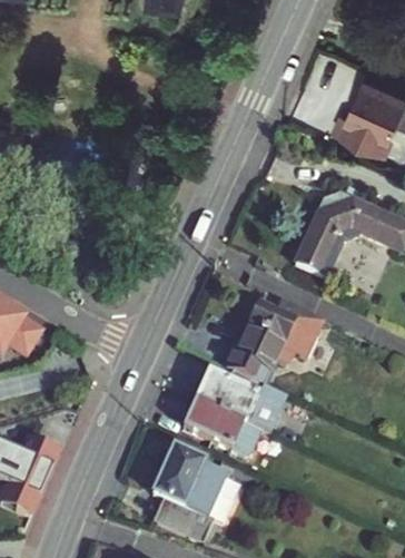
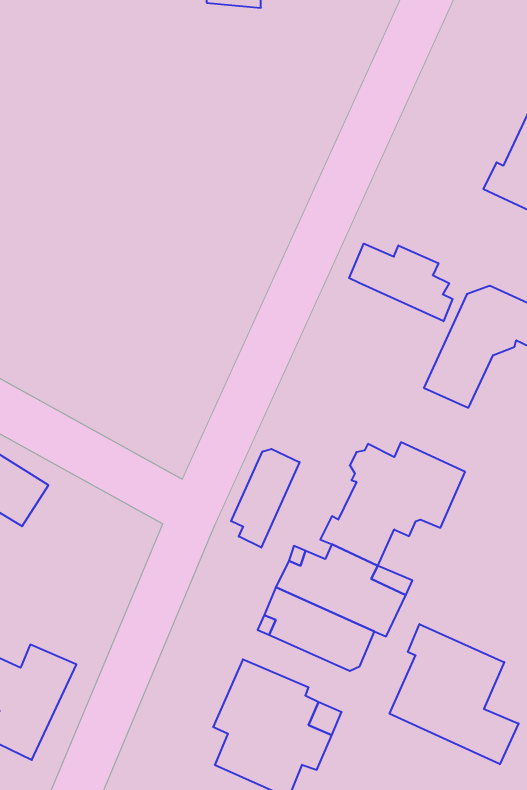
building: none -> [349,244,453,321]
building: none -> [231,449,300,548]
building: none -> [390,624,519,764]

